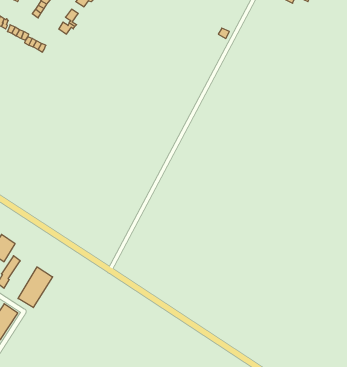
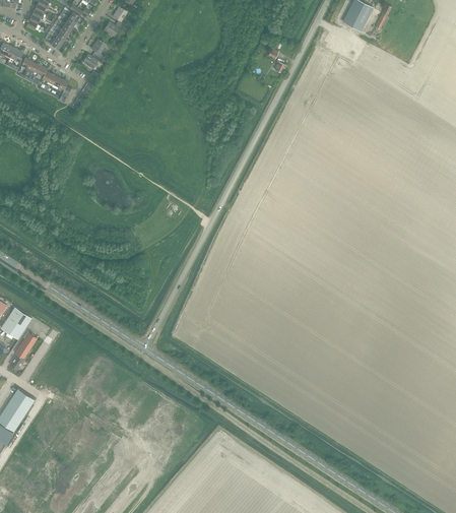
building: [18,267,53,308] -> none

